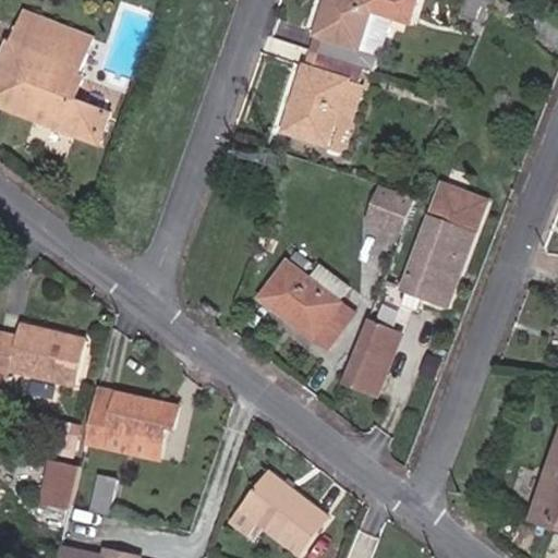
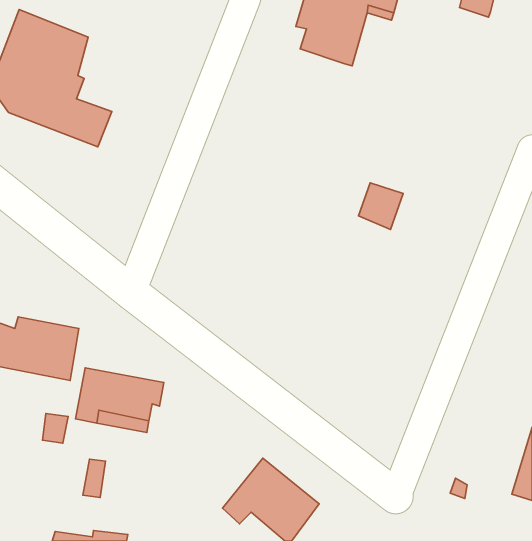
building: [284,63,364,146] -> none
building: [402,180,488,311] -> none
building: [257,258,354,352] -> none
building: [342,319,404,402] -> none
building: [38,462,77,510] -> none

